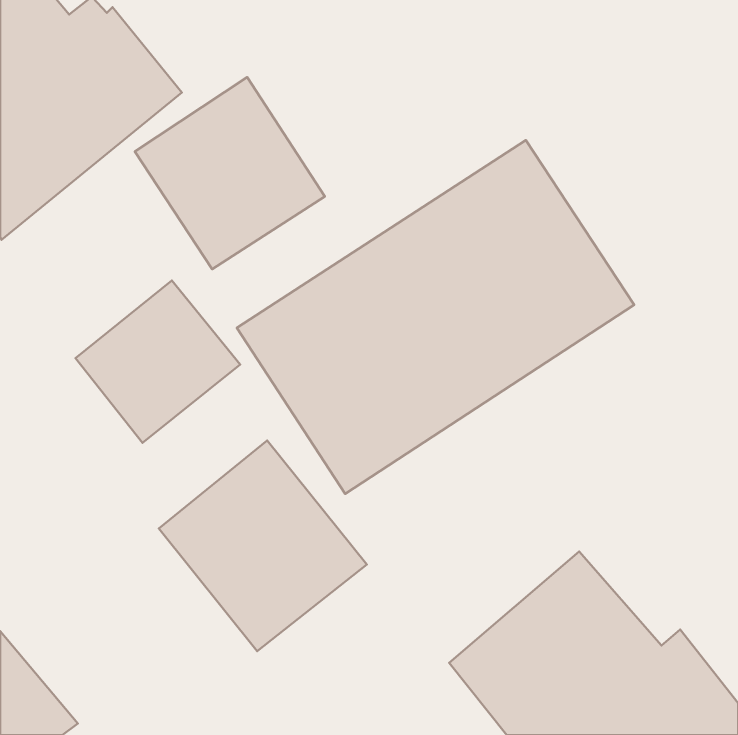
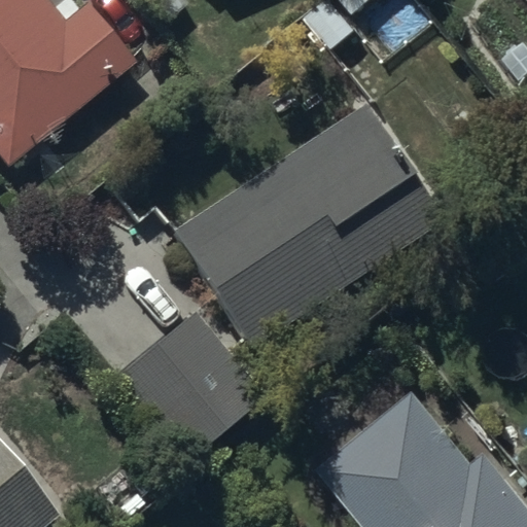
building: [135,77,325,269] -> none
building: [75,281,240,443] -> none

